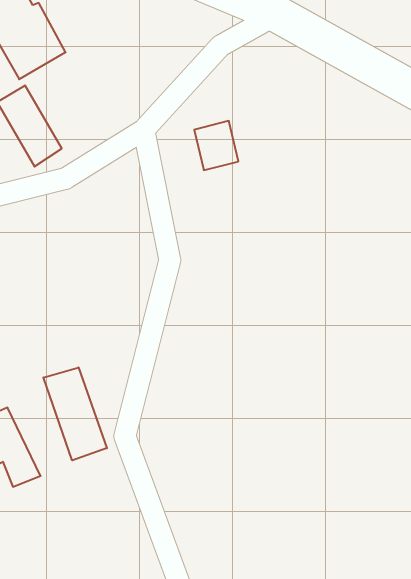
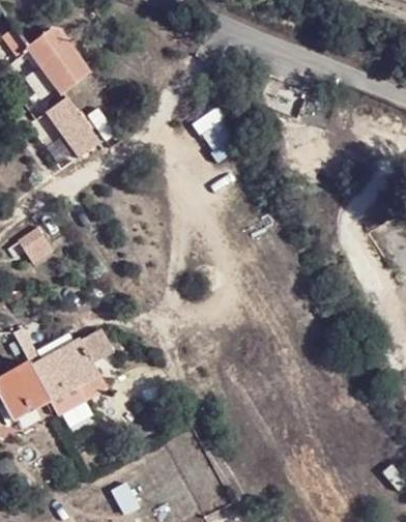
building: [43,367,107,460] -> none

